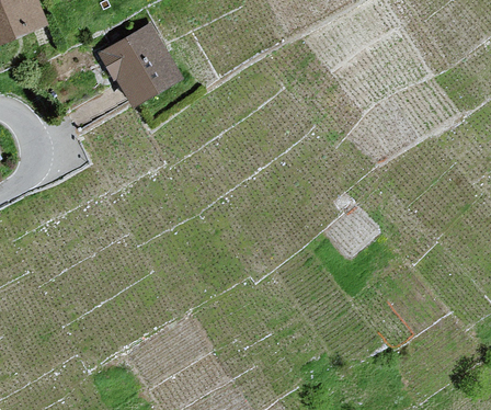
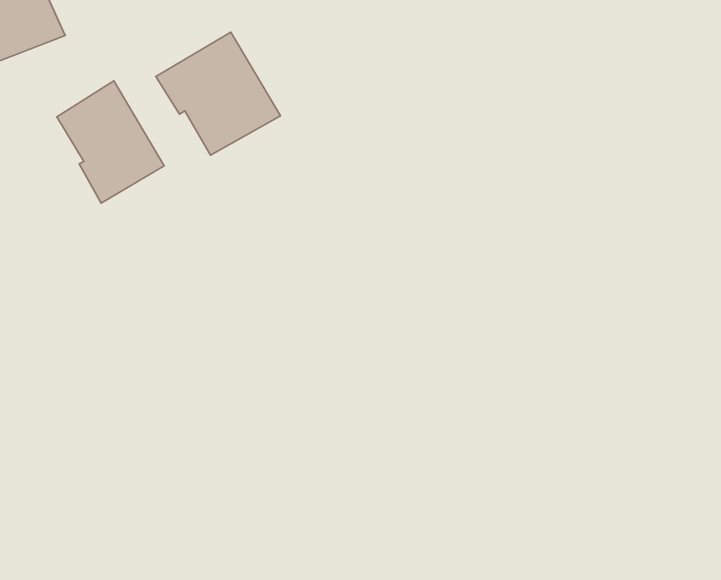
building: none -> [57,81,164,203]

